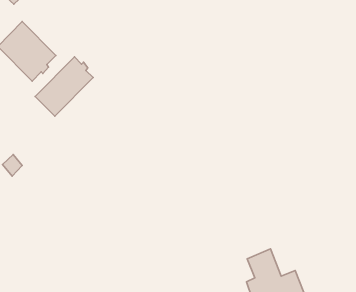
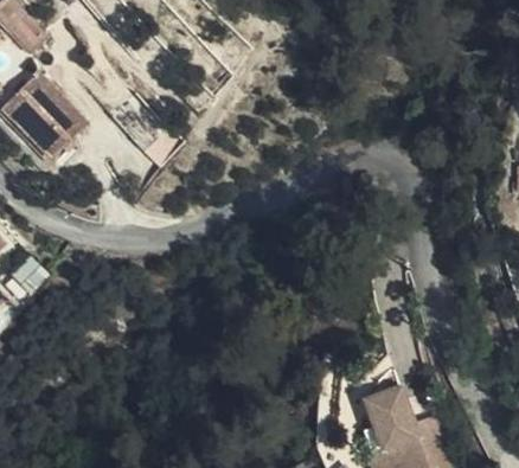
building: [35,57,93,116] -> none

